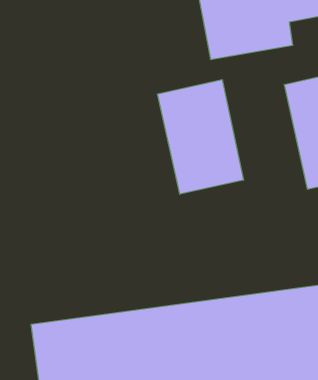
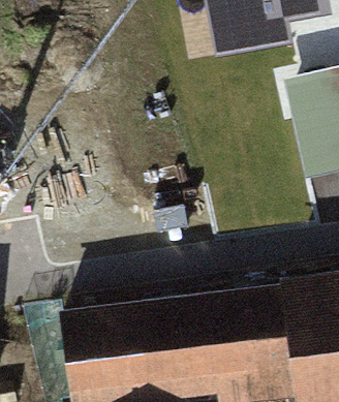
building: [158,80,243,194] -> none

